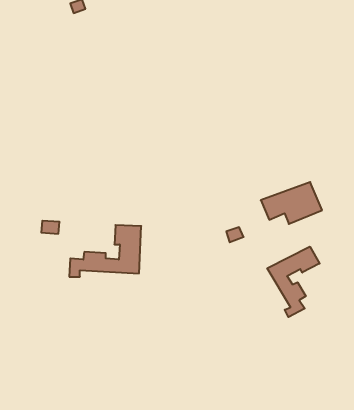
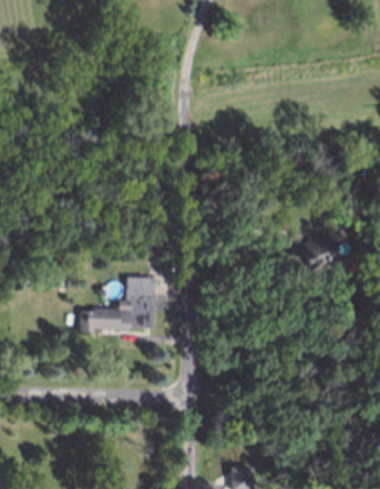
building: [267,247,320,317] -> none

